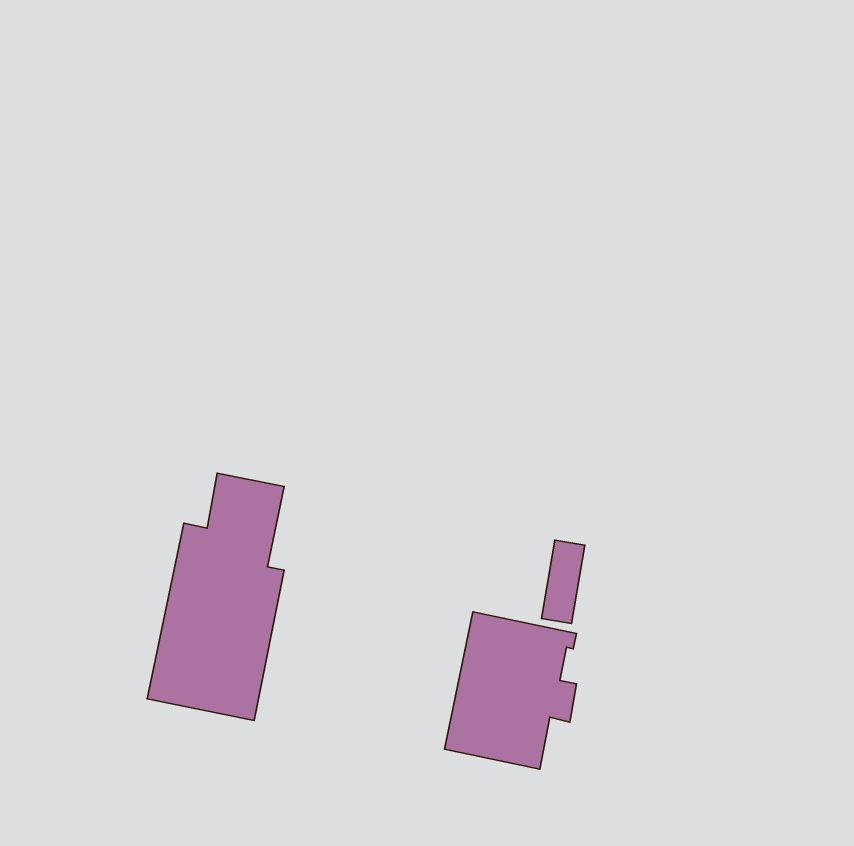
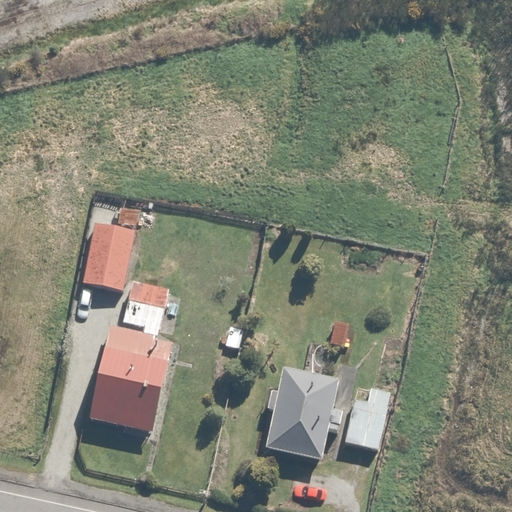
building: none -> [86,224,134,288]
building: none -> [343,385,393,450]

